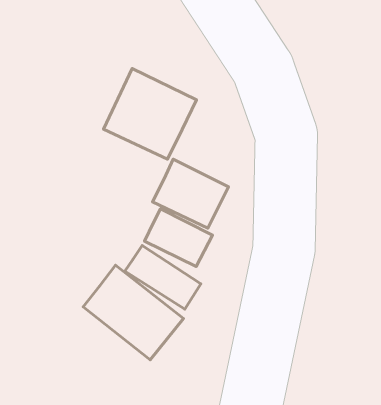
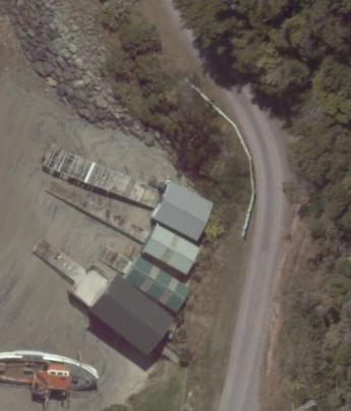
building: [103,68,197,159] -> none

